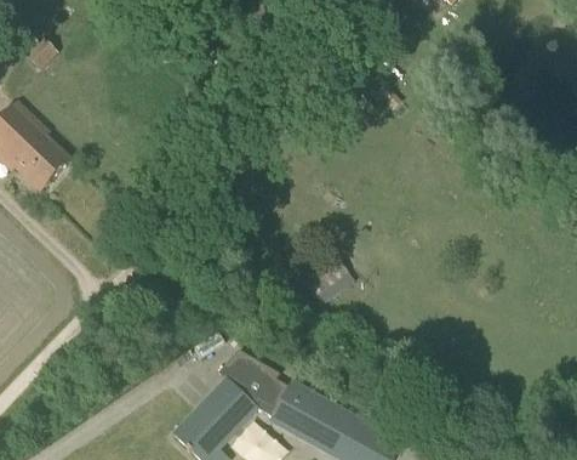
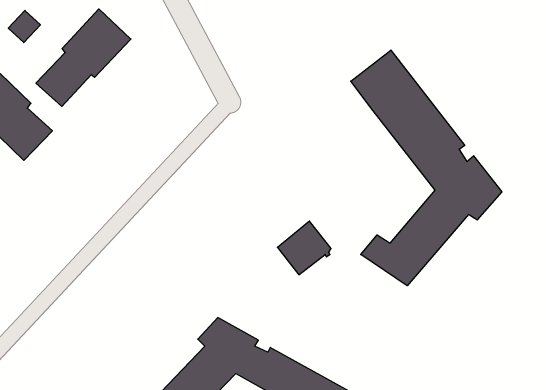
building: none -> [36,9,131,106]
building: none -> [351,50,502,286]

